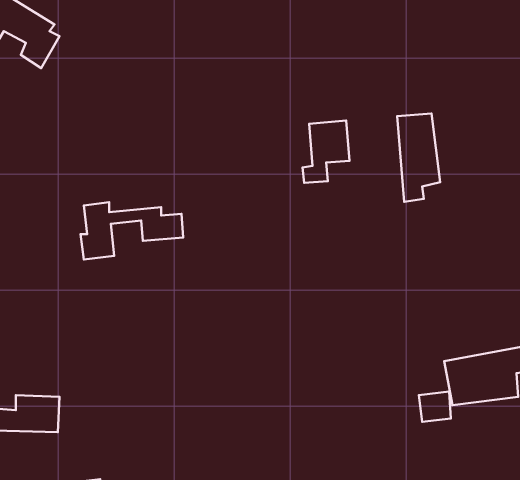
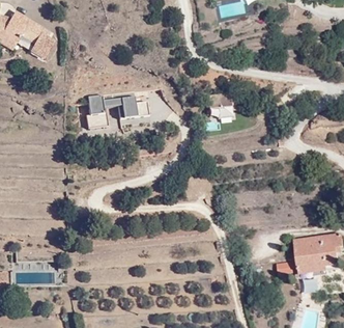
building: [397,114,440,202] -> none
building: [80,202,183,259] -> [87,95,150,131]

